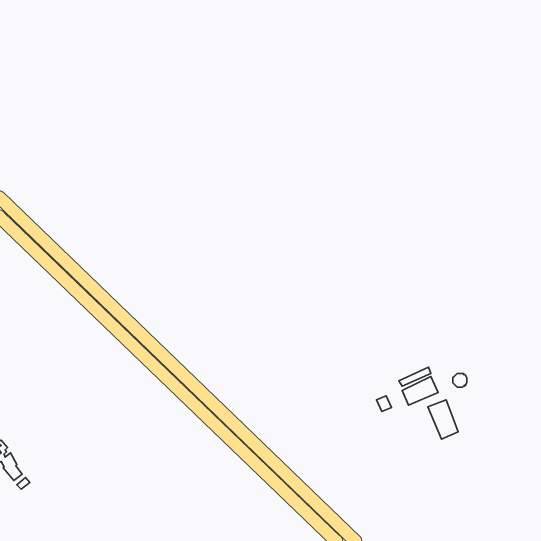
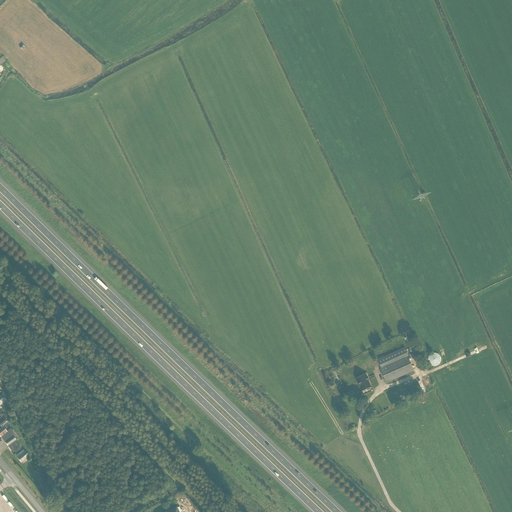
building: [428,400,458,439] -> none

